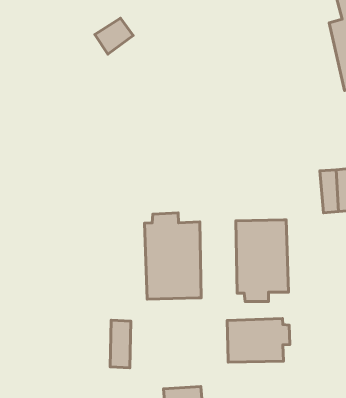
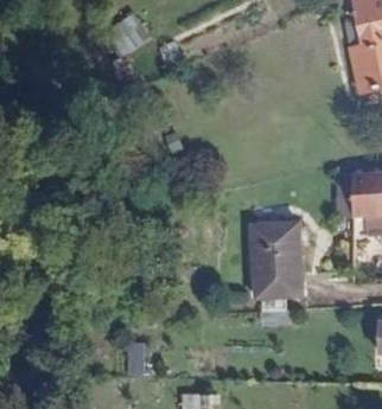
building: [145,213,201,299] -> none
building: [227,319,290,362] -> none

